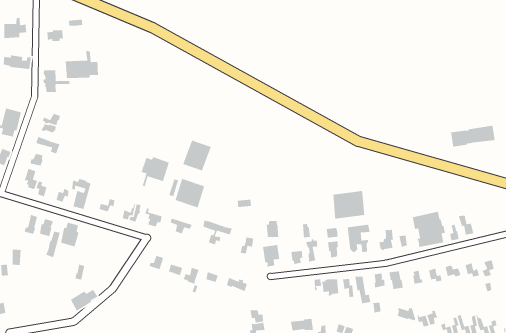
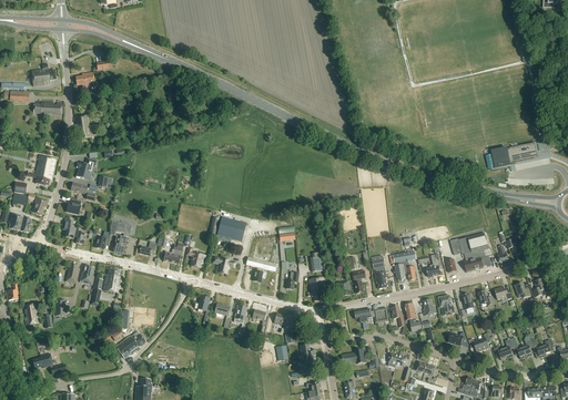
building: [65,50,99,79] -> none
building: [182,139,212,172] -> none
building: [140,156,170,188] -> none
building: [332,190,365,219] -> none

